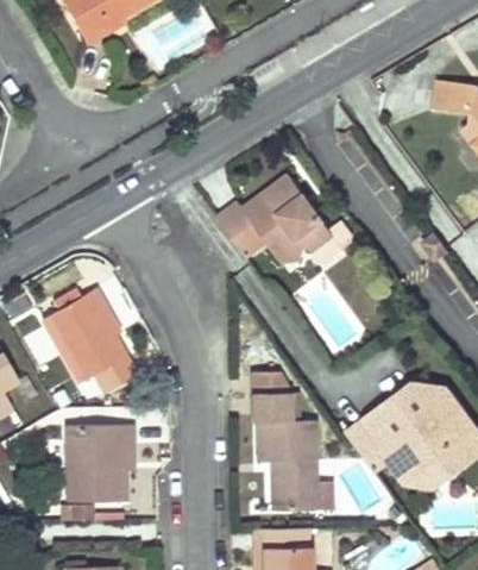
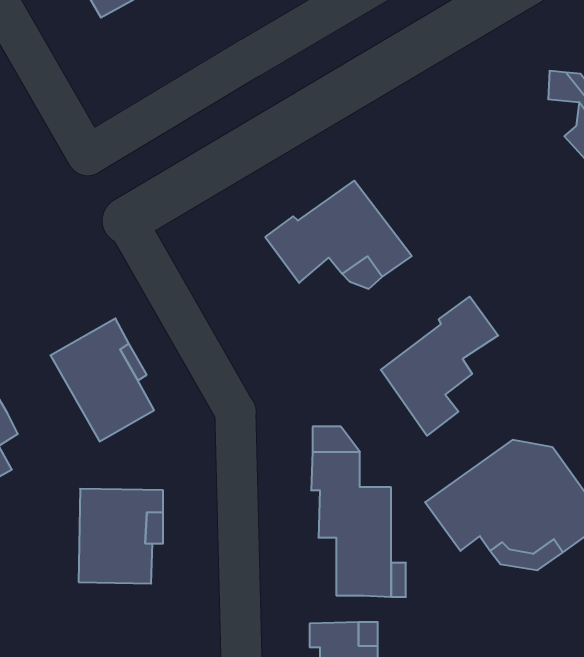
building: none -> [381,297,498,436]

